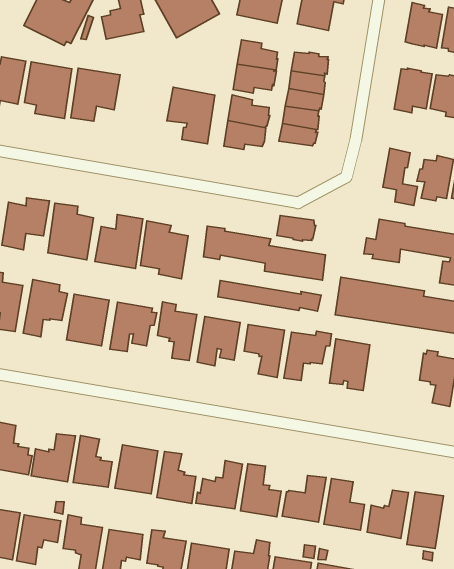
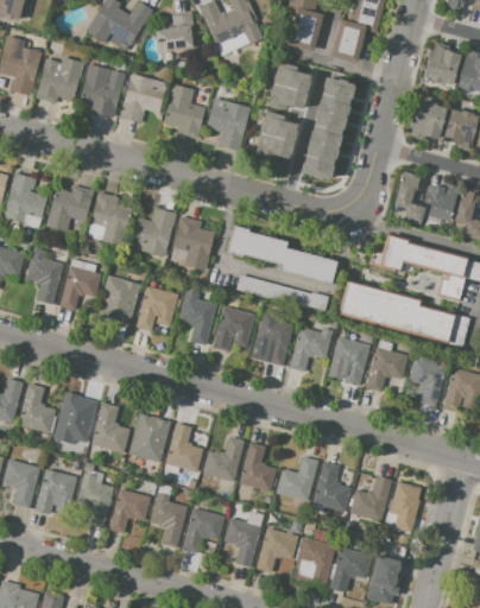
building: none -> [163,83,206,138]
building: [277,215,316,241] -> [299,154,335,179]
building: none -> [366,340,408,391]

